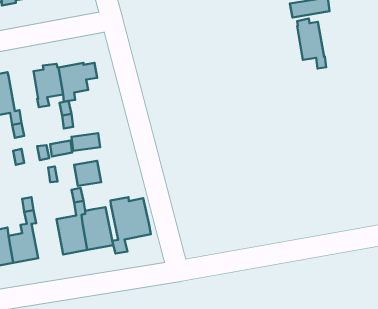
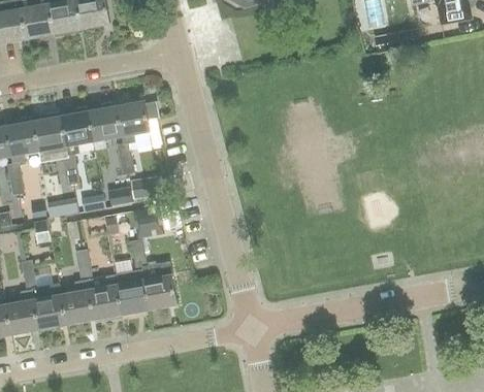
building: [297,19,326,68] -> none
building: none -> [60,106,93,155]
building: [110,197,151,254] -> none
building: none -> [86,275,121,324]

